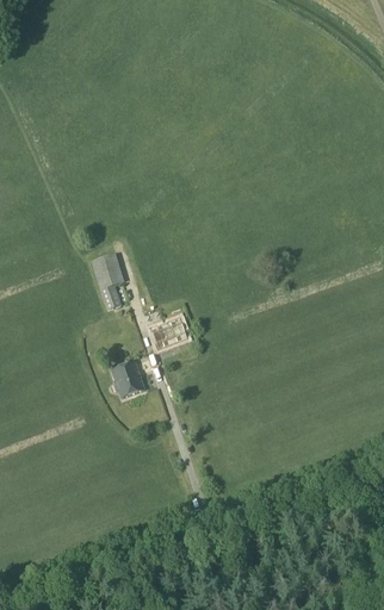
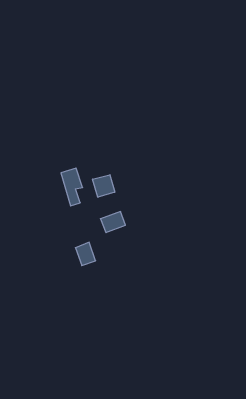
building: none -> [93,175,115,197]

